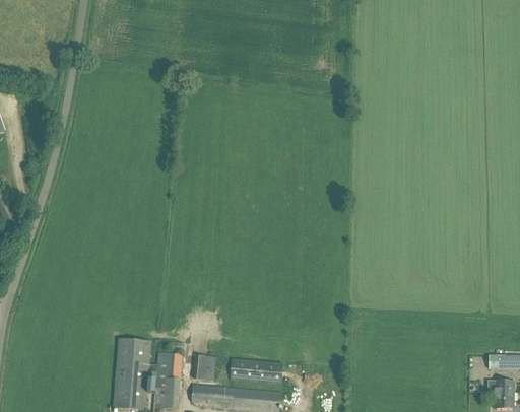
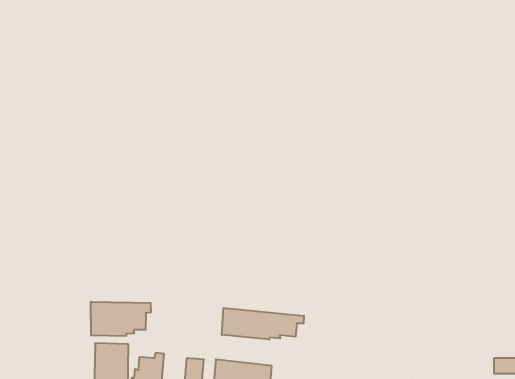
building: none -> [91,302,151,336]
building: none -> [222,308,304,340]

